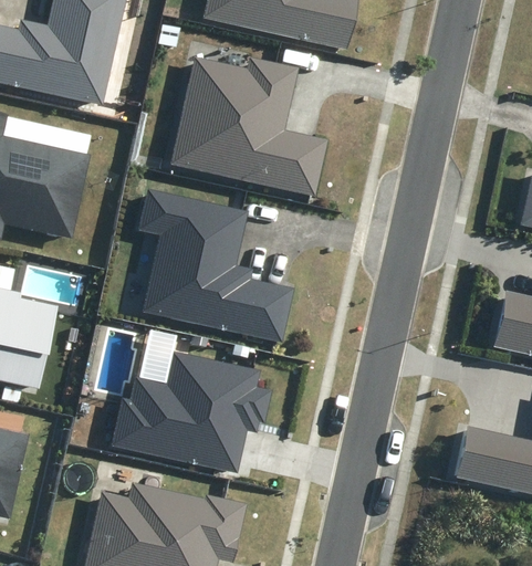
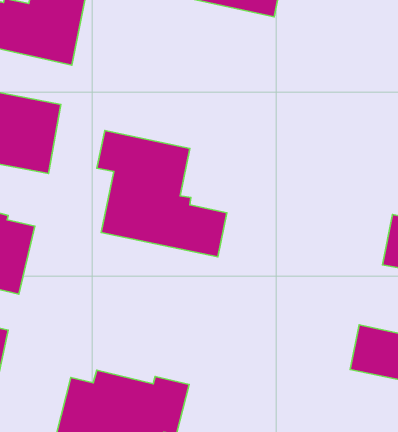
building: [171,57,327,195] -> none
building: [108,352,270,472] -> none

